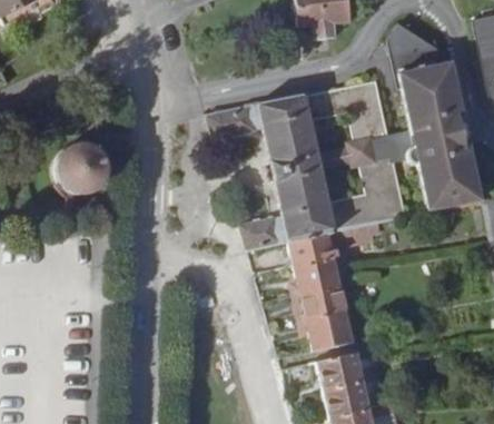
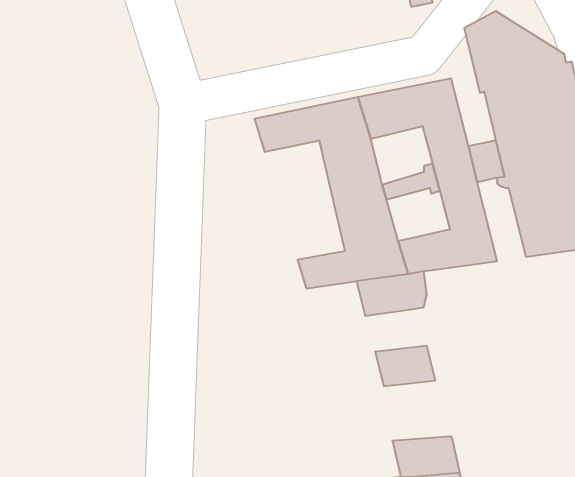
building: [49,150,99,200] -> none
building: [295,262,343,295] -> none
building: [309,317,357,352] -> none

